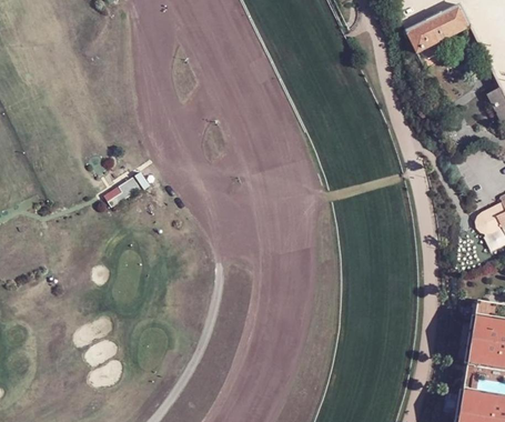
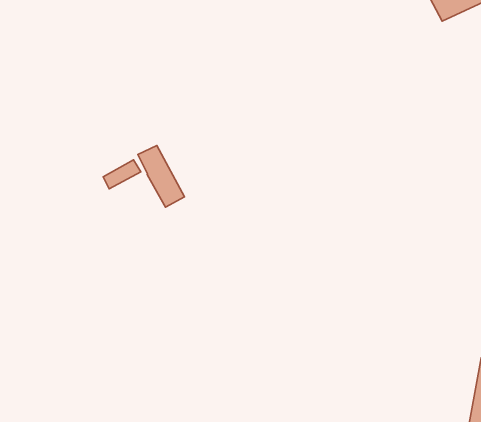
building: none -> [138,145,184,207]

